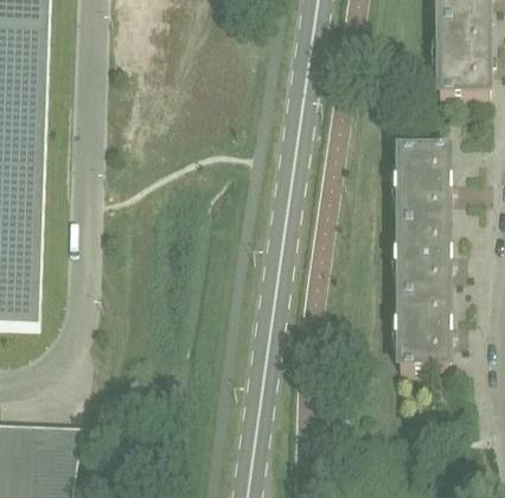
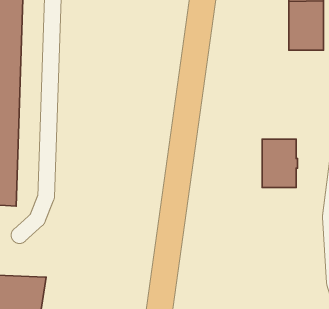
building: [396,149,449,225] -> none
building: [397,296,450,369] -> none

